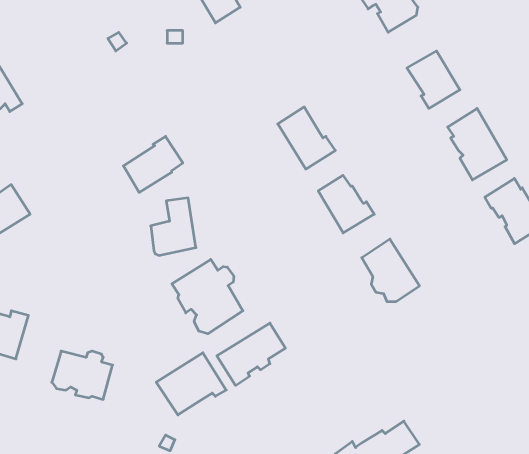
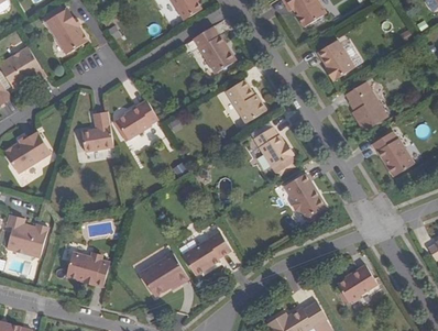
building: none -> [44,9,85,54]
building: none -> [191,26,236,74]
building: [151,198,196,255] -> [81,112,113,153]
building: [172,259,243,334] -> none
building: none -> [336,264,375,301]

